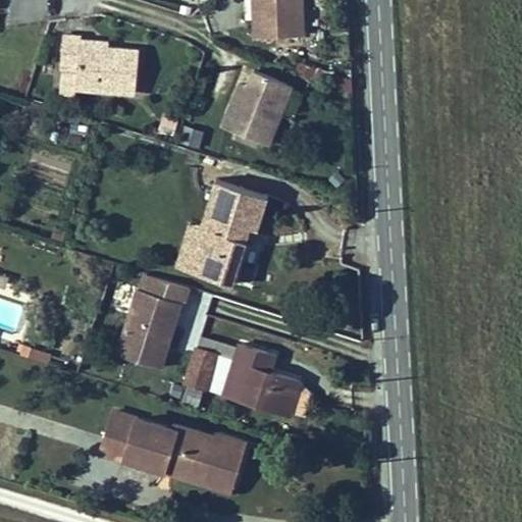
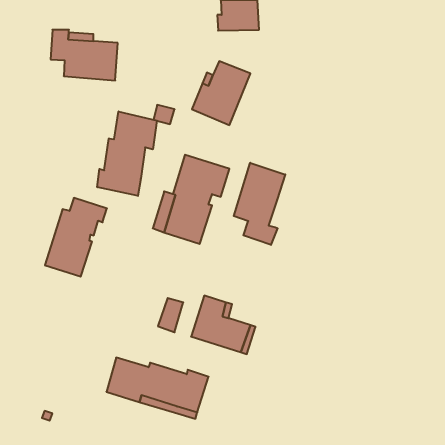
building: none -> [97,111,157,196]
building: none -> [234,163,285,245]
building: [117,276,190,368] -> [45,198,107,277]
building: [102,412,137,459] -> none

